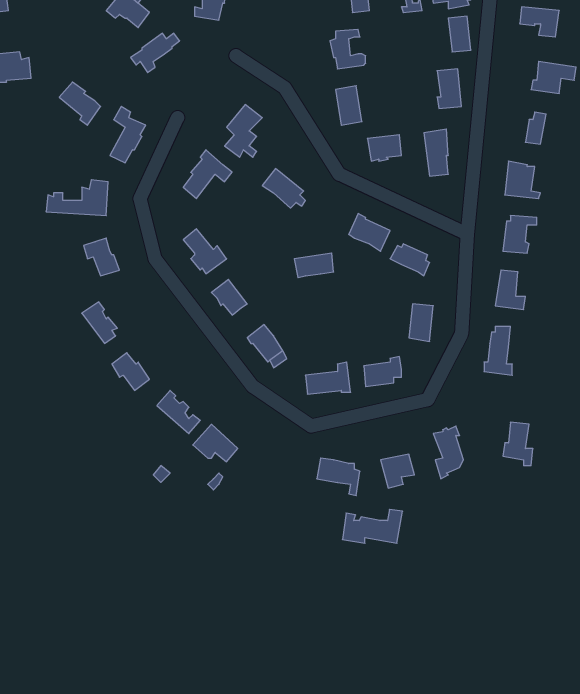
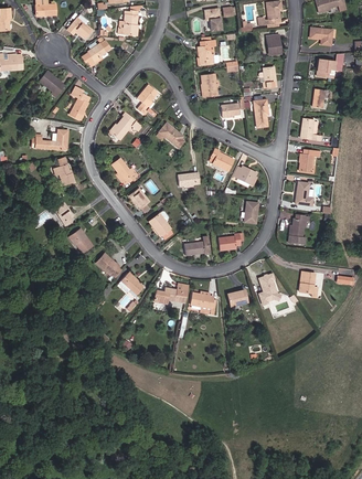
building: [342,509,403,543] -> [153,283,189,302]

